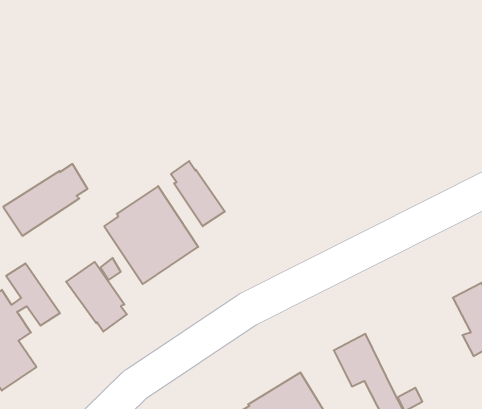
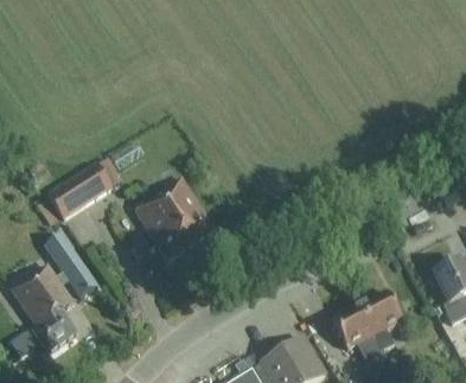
building: [171,161,225,226] -> none
building: [66,262,127,332] -> none
building: none -> [358,288,401,350]

